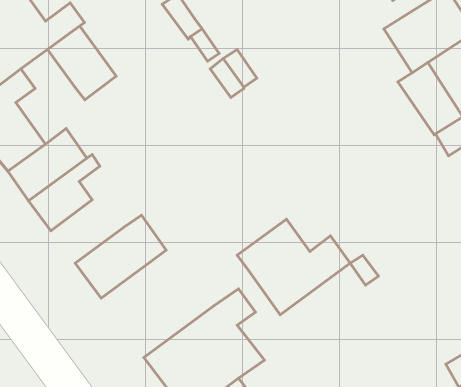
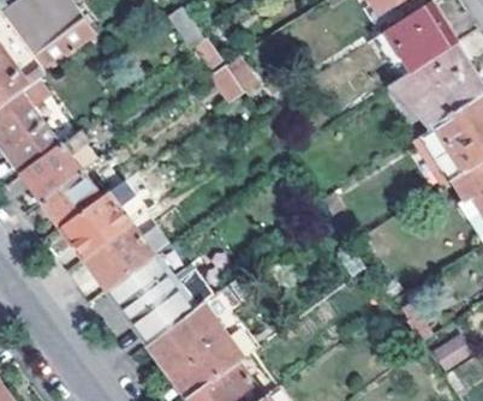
building: [48,26,116,100] -> none
building: none -> [62,192,131,257]
building: [237,219,350,315] -> [109,256,214,345]

